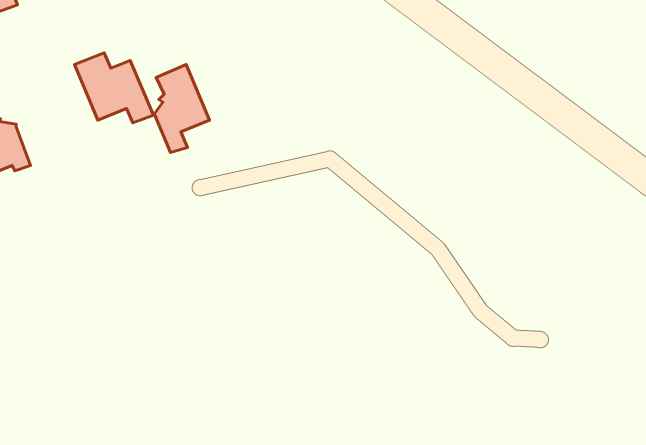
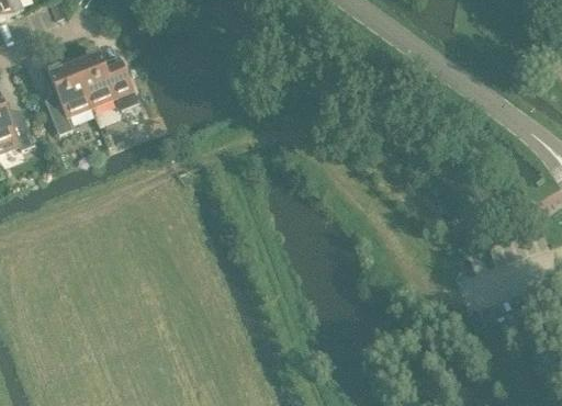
building: [154,64,209,153] -> [44,60,91,135]

